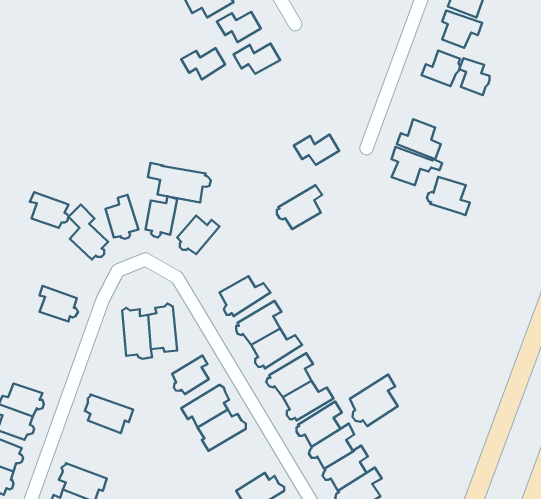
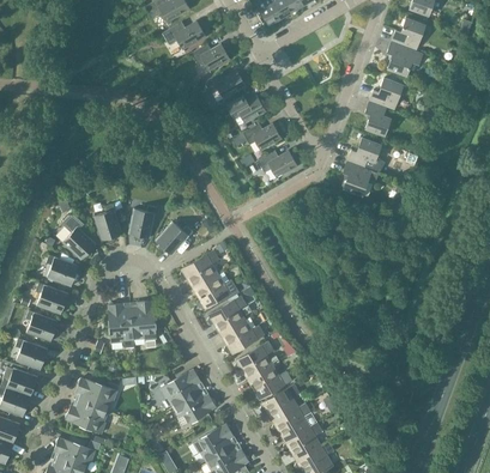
building: [181,48,225,80] -> [226,95,265,122]
building: [459,58,490,95] -> [364,102,391,134]
building: none -> [242,122,282,148]
building: [148,163,211,202] -> none
building: [427,177,470,215] -> none
building: [277,185,322,229] -> [180,249,219,287]
building: [30,192,68,228] -> [46,254,79,285]
building: none -> [25,309,59,341]
building: none -> [16,336,48,369]
building: [172,355,209,394] -> none
building: [350,375,398,426] -> none
building: none -> [65,399,107,431]
building: none -> [193,422,234,460]

